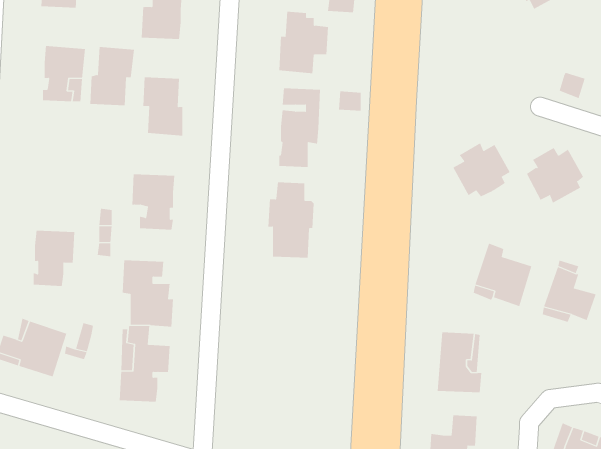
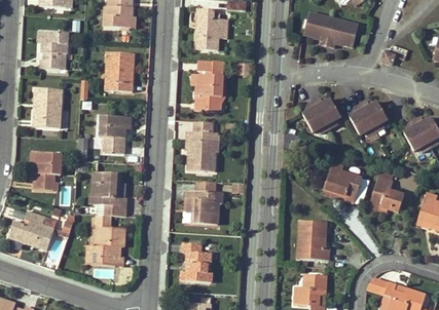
building: none -> [309,13,365,48]
building: [89,46,135,106] -> [32,88,62,127]
building: none -> [184,182,218,225]
building: none -> [180,243,211,282]

